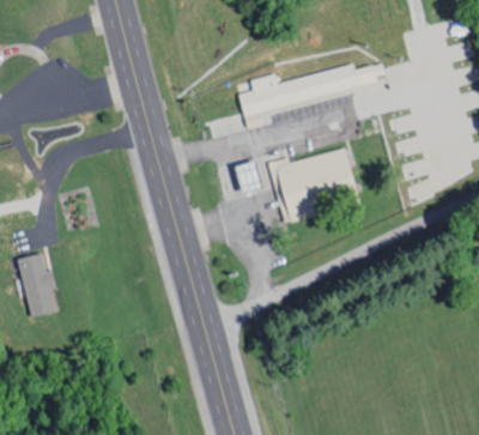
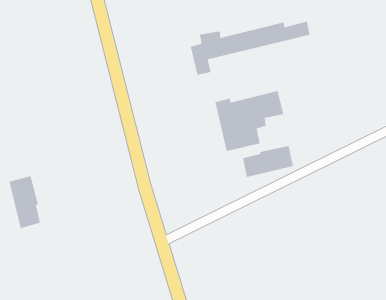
building: [237,161,263,193] -> none
building: none -> [242,145,294,178]

